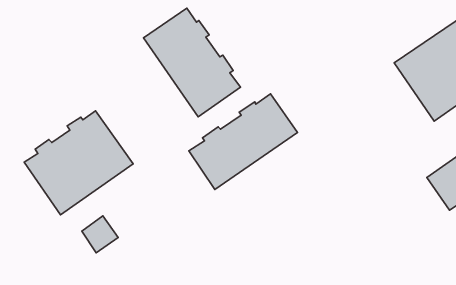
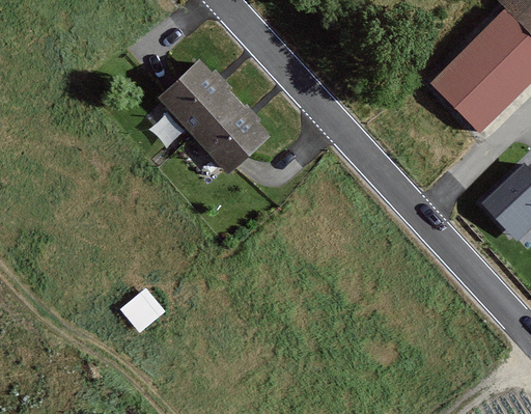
building: [189,94,297,189] -> none
building: [24,111,133,215] -> none

